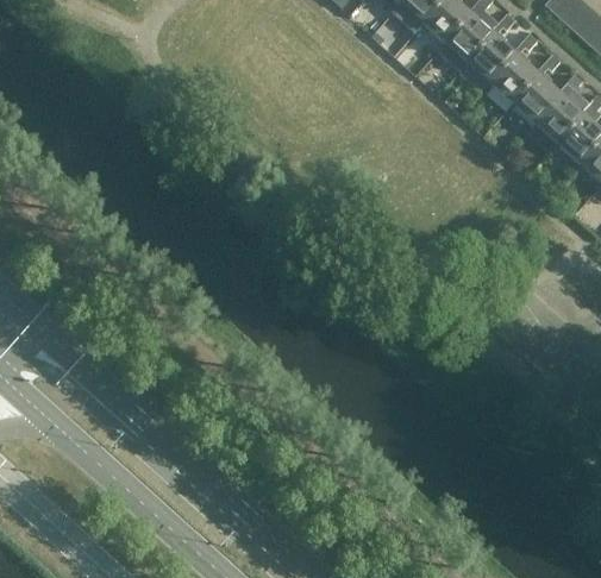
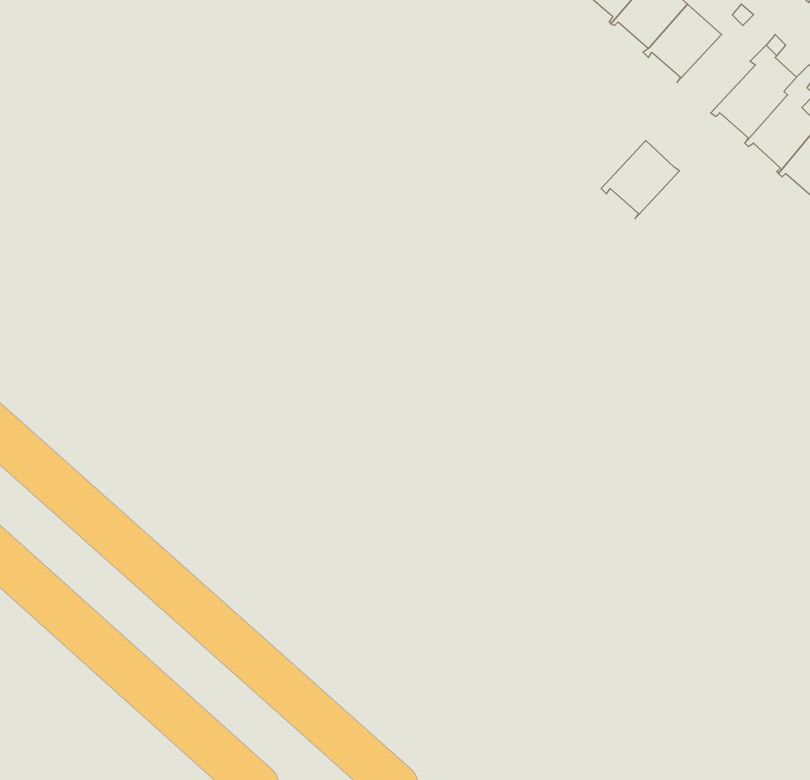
building: [511,74,563,126] -> [601,140,680,219]

